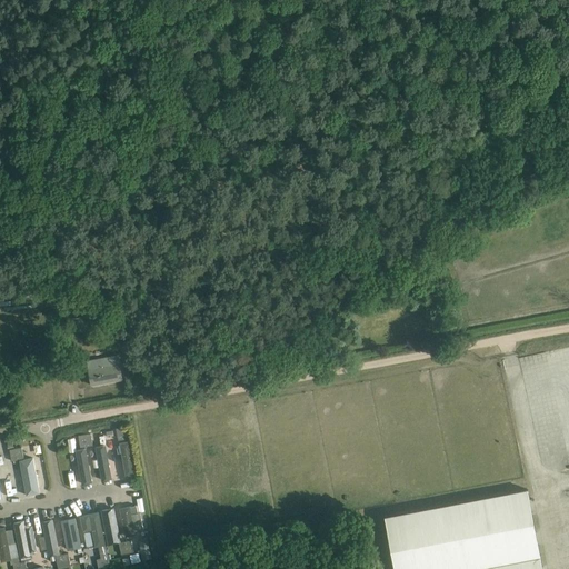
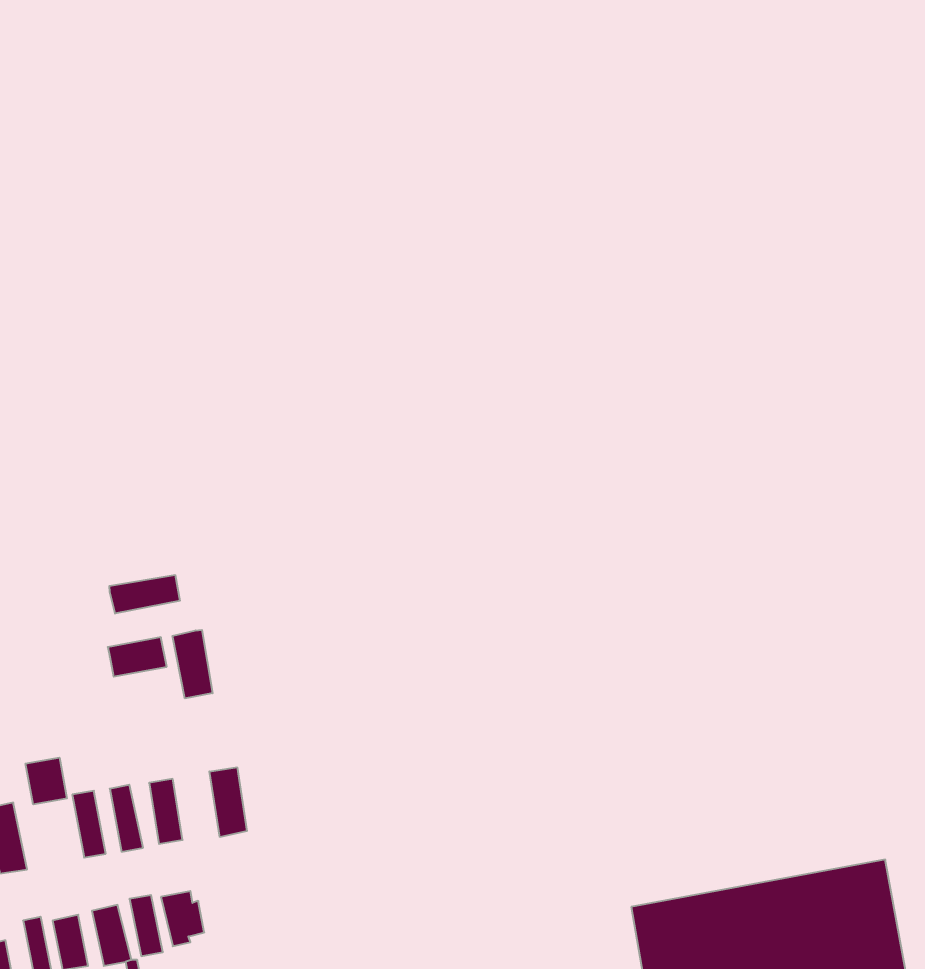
building: none -> [109,575,180,614]
building: none -> [172,630,213,698]
building: none -> [26,758,67,804]
building: none -> [209,767,247,837]

